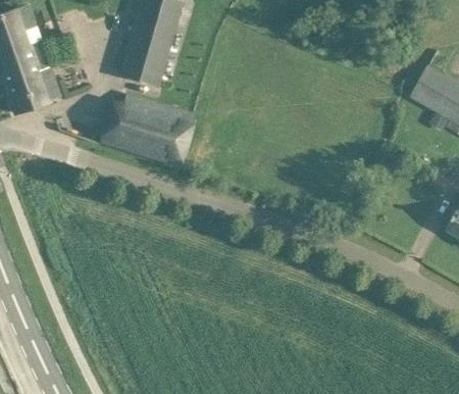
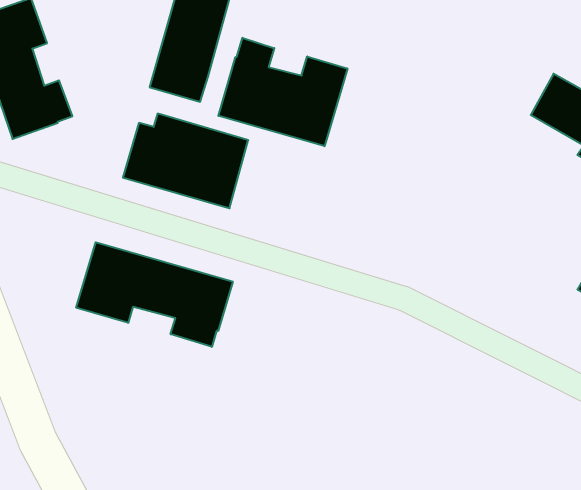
building: none -> [218,38,347,146]
building: none -> [76,242,233,347]

